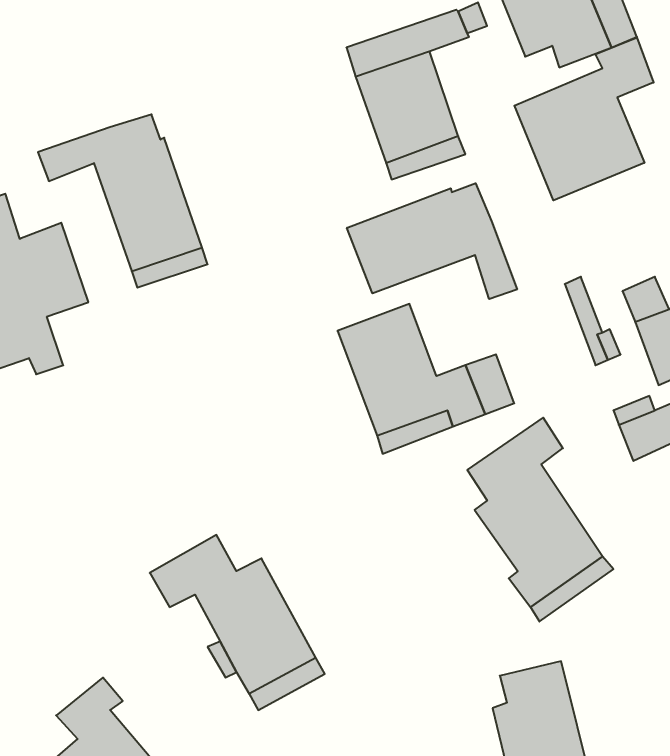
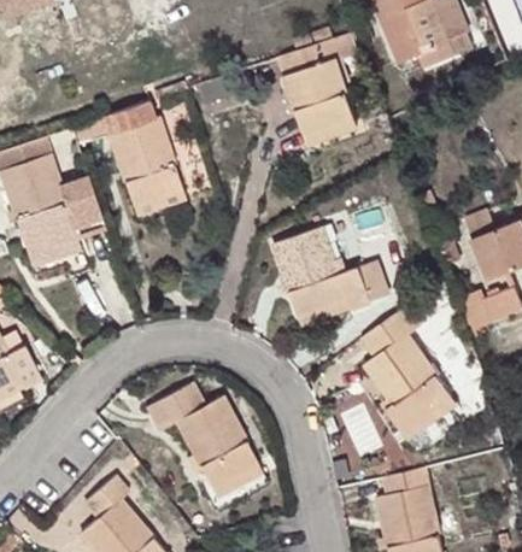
building: [514,37,654,200] -> none
building: [347,183,517,299] -> none

